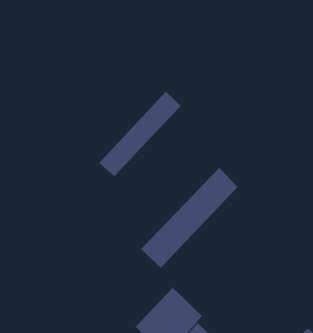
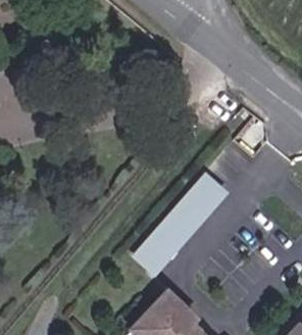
building: [98,91,182,177] -> none

